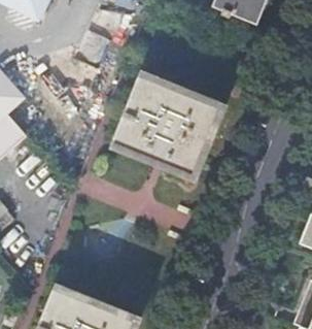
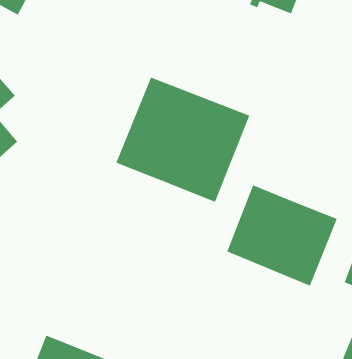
building: none -> [226,185,337,286]

